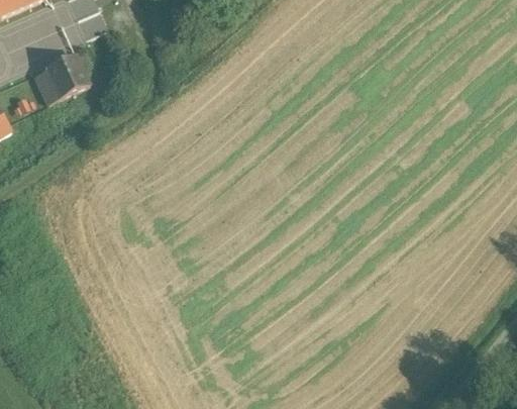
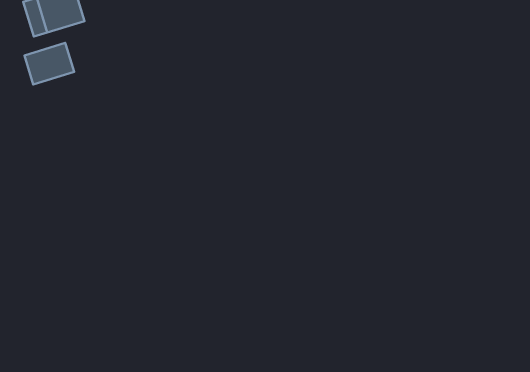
building: none -> [24,43,74,84]

